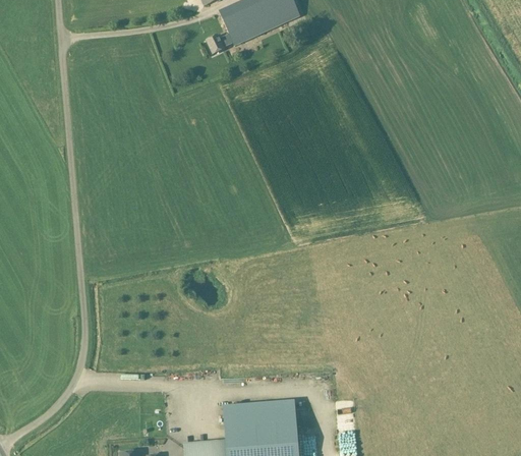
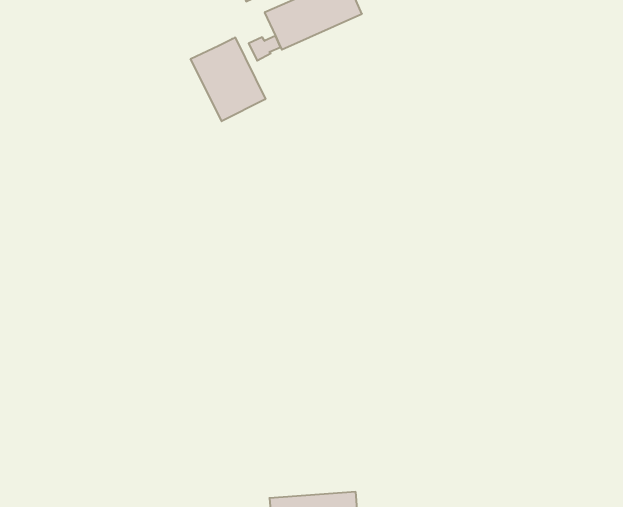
building: none -> [191,37,265,121]

